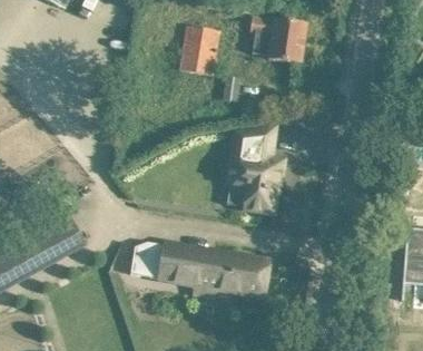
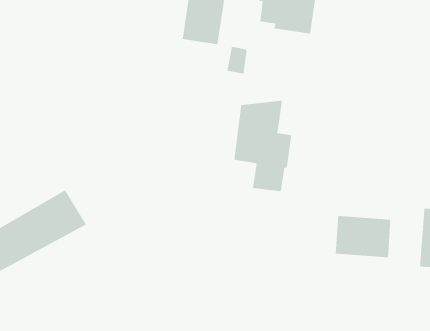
building: none -> [335,215,391,258]
building: [130,242,268,296] -> none

